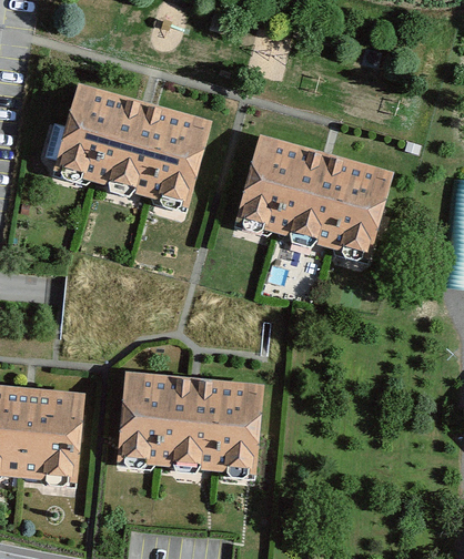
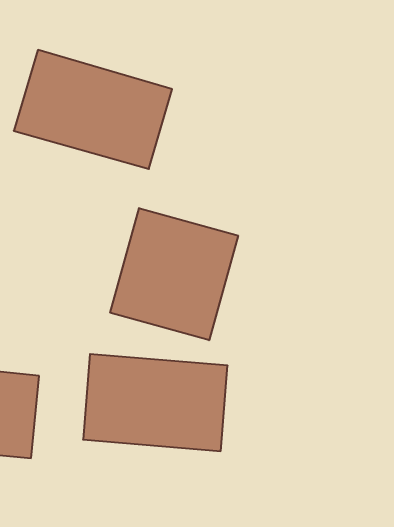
building: [240,136,385,247] -> none
building: none -> [110,208,238,340]

